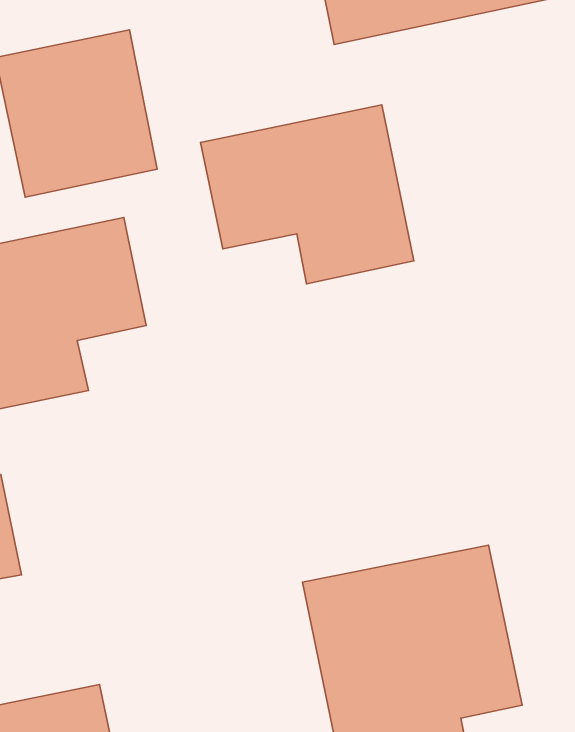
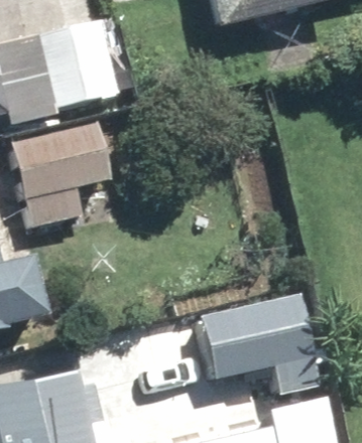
building: [201,105,414,284] -> none

